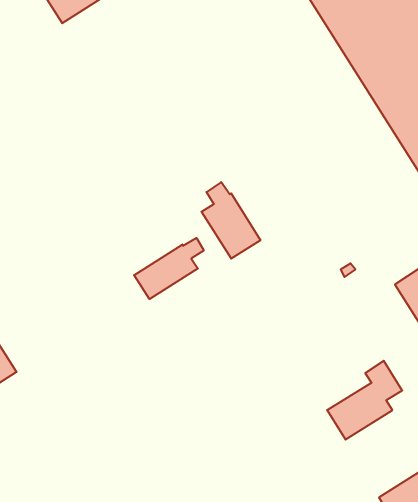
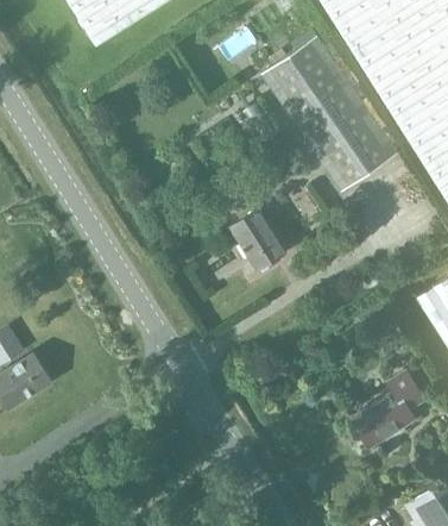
building: none -> [259,31,396,187]
building: [134,238,204,299] -> none

